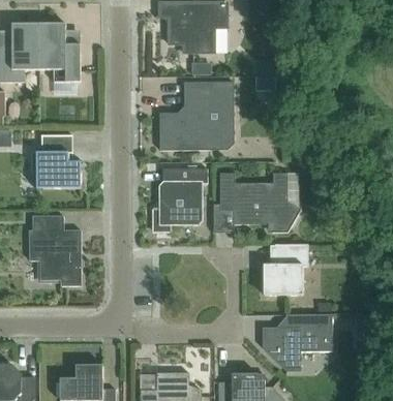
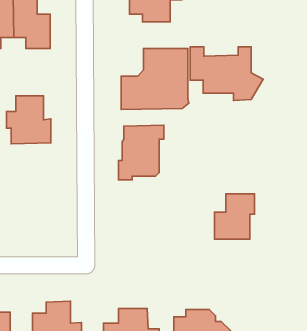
building: [218,173,300,233] -> [190,47,263,100]
building: [28,215,81,285] -> none
building: [263,313,331,369] -> none

